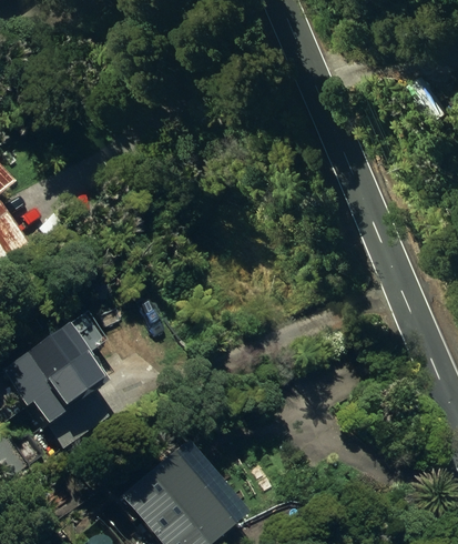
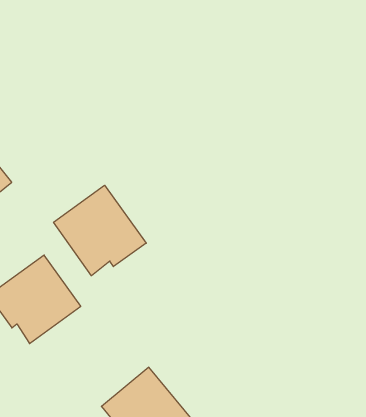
building: none -> [54,185,146,276]

